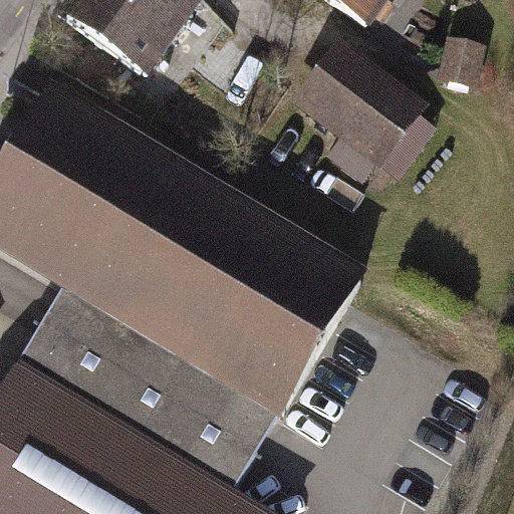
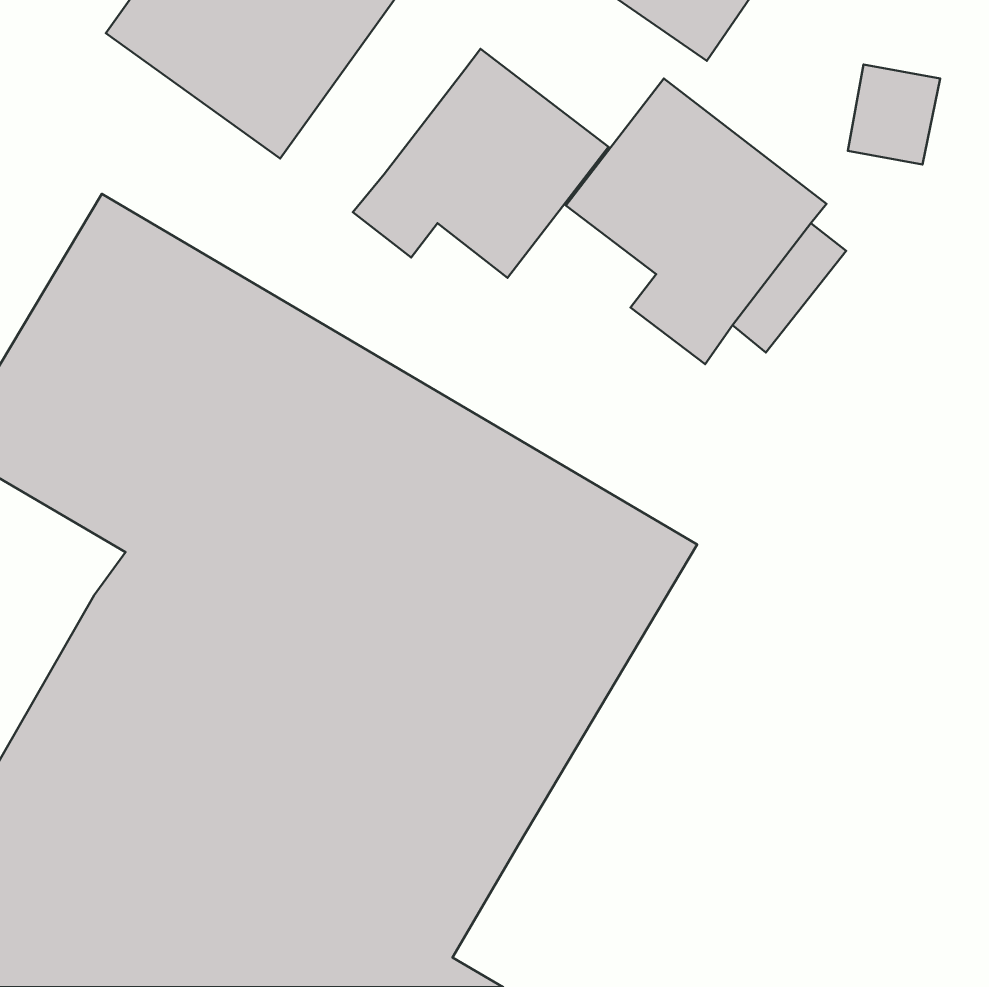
building: none -> [353,49,608,278]

